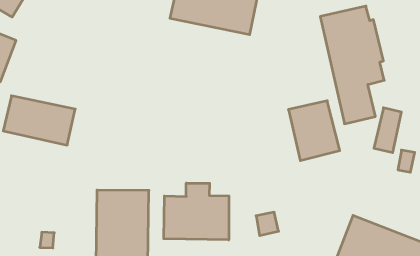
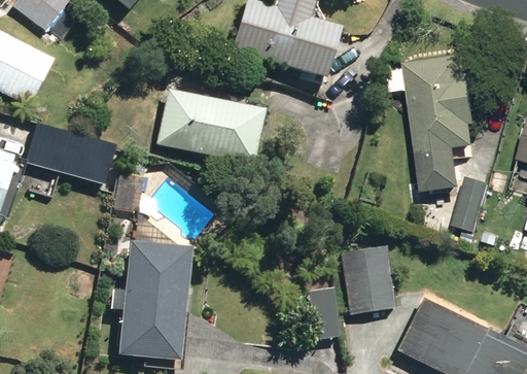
building: none -> [157,89,261,163]
building: [288,101,340,161] -> [342,245,397,312]
building: [164,183,229,240] -> none

